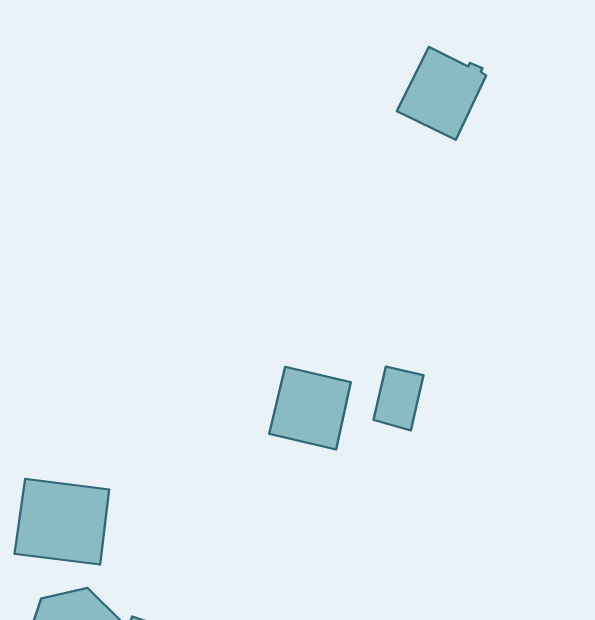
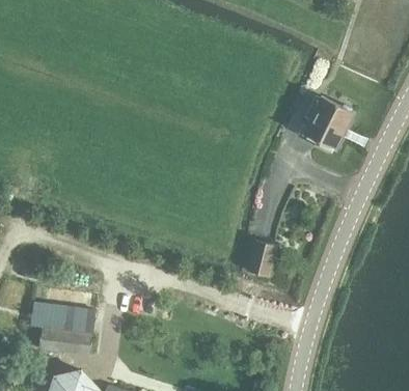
building: [397,47,486,140] -> [301,95,353,149]
building: [269,367,351,450] -> none

